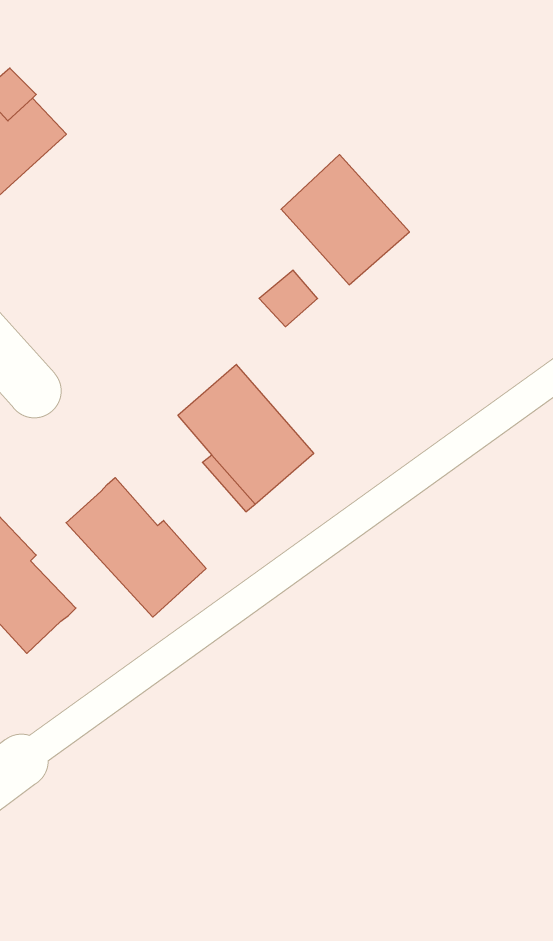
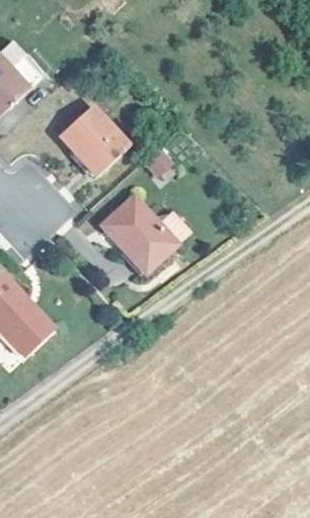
building: [281,155,409,285] -> [58,108,127,178]
building: [66,478,206,617] -> none

